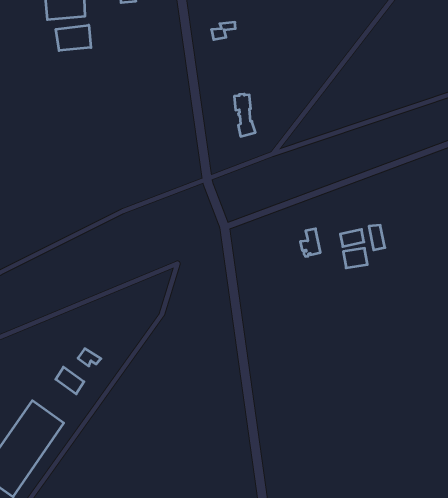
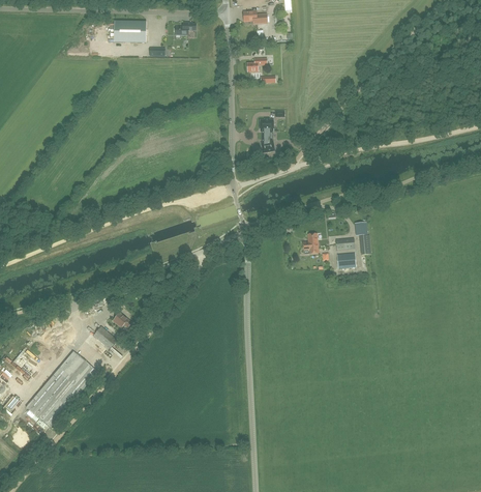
building: [56,25,91,51] -> none

